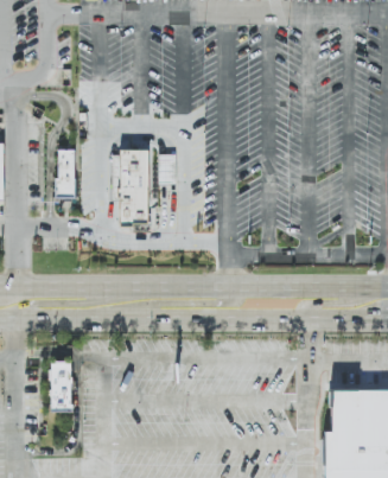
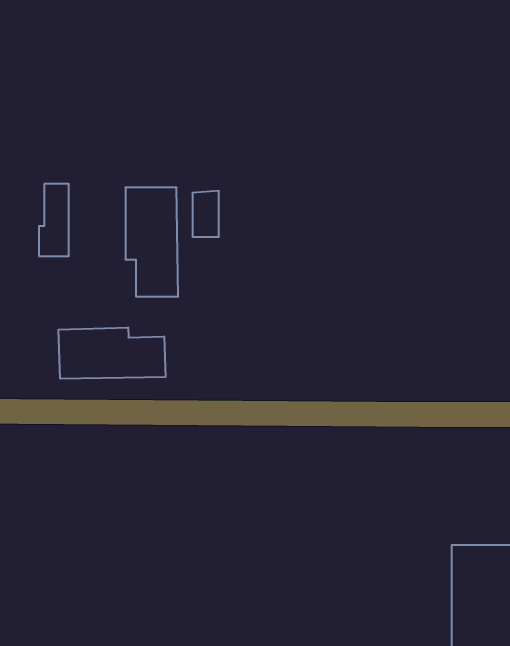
building: none -> [59,327,165,379]
building: [49,361,71,412] -> none

